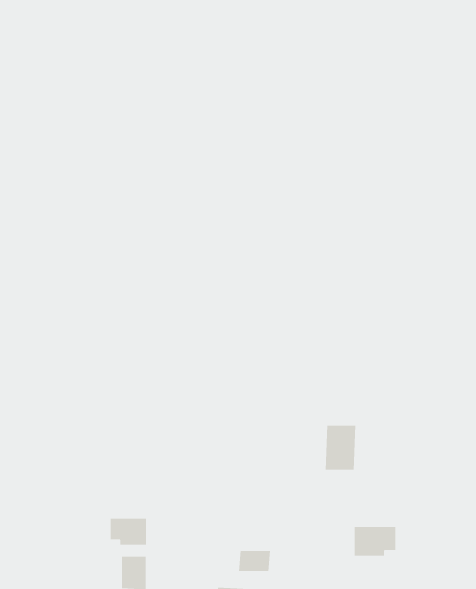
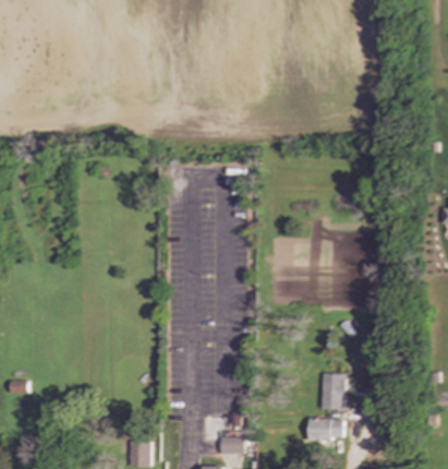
building: [325,425,356,470] -> [322,373,346,408]
building: [110,518,147,545] -> none

